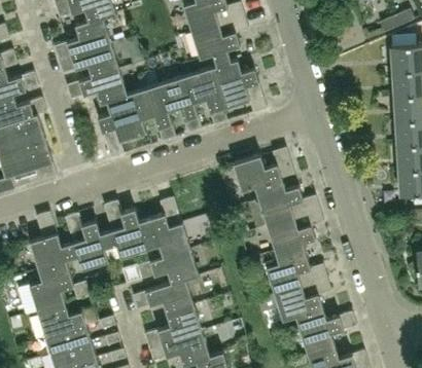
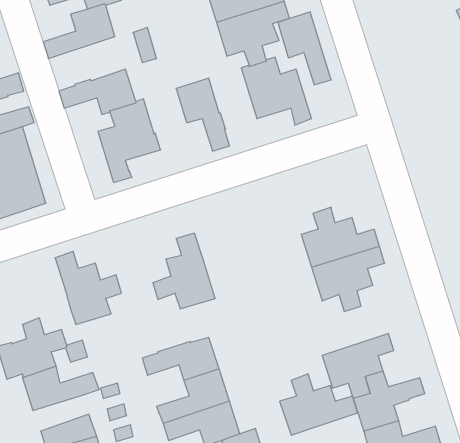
building: [58,43,118,78] -> none
building: [184,68,226,125] -> [278,12,331,85]
building: [133,84,175,142] -> none
building: [232,148,293,199] -> none
building: [103,201,154,258] -> none
building: [28,212,75,279] -> none
building: [265,247,326,295] -> [280,374,358,435]
building: [137,250,198,285] -> none
building: [45,326,90,355] -> none

